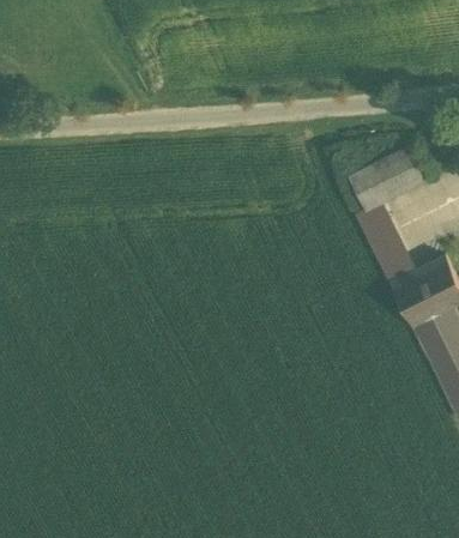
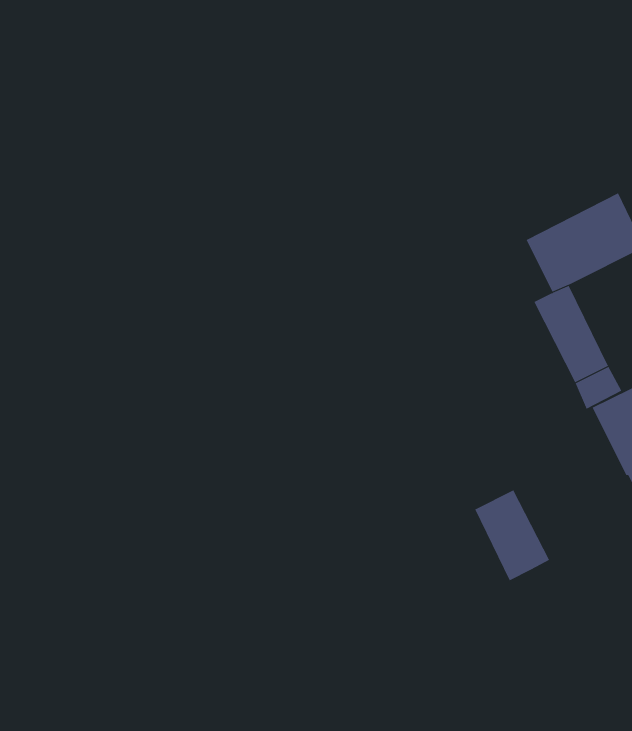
building: none -> [474,490,550,581]

